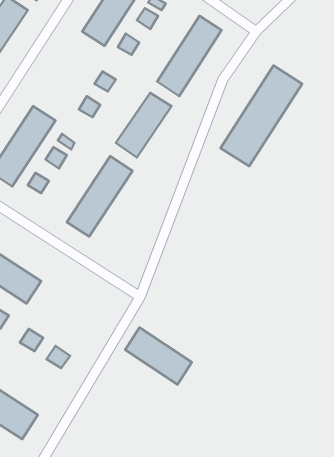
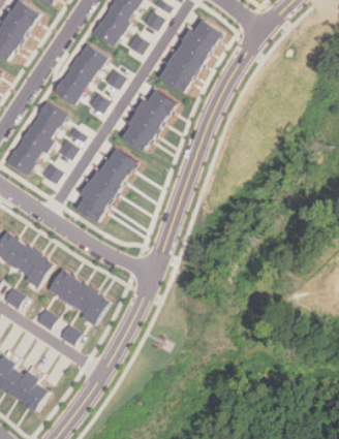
building: none -> [52,44,103,104]
building: [220,66,302,166] -> none
building: [125,328,192,384] -> [47,271,109,323]

